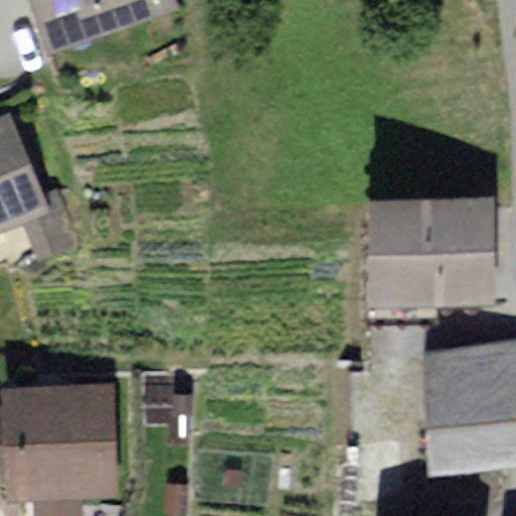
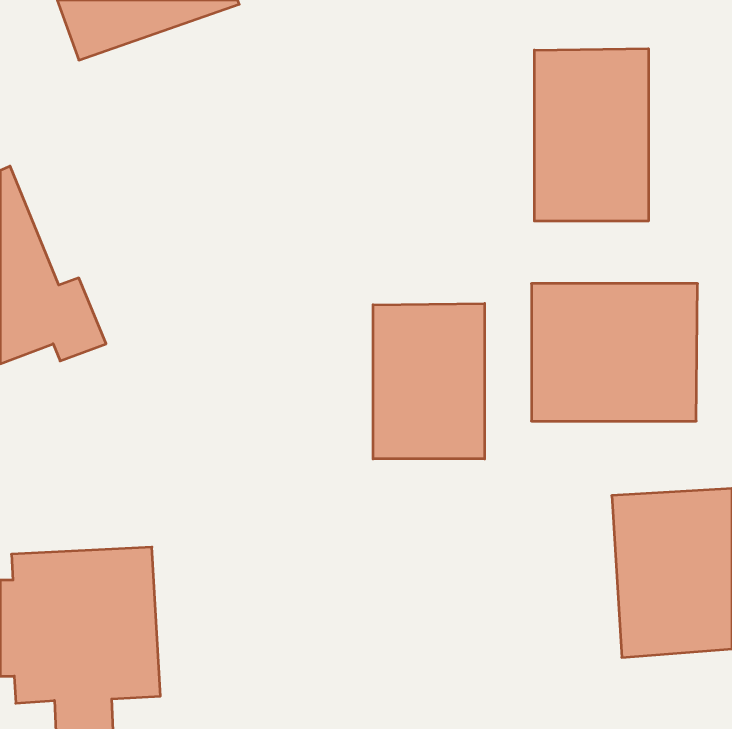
building: none -> [534,49,648,221]
building: none -> [373,303,485,459]

